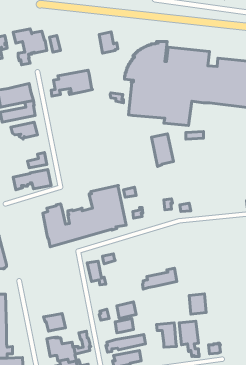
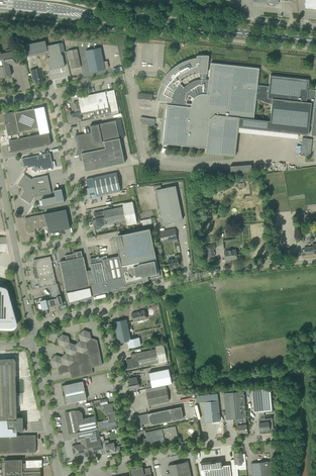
building: [99,32,118,53] -> [86,47,108,73]
building: none -> [76,120,124,171]
building: [152,134,173,167] -> [156,186,183,225]
building: none -> [86,173,120,199]
building: none -> [17,175,51,203]
building: none -> [93,202,136,226]
building: none -> [32,257,63,309]
building: [142,268,177,289] -> [125,345,167,370]
building: none -> [50,330,102,378]
building: [189,294,206,314] -> [251,388,272,412]

